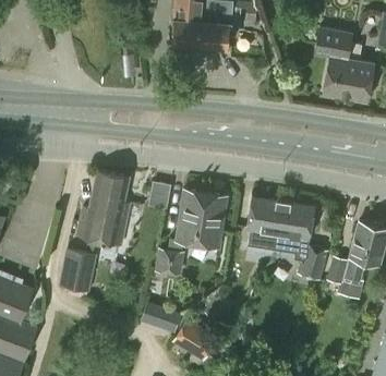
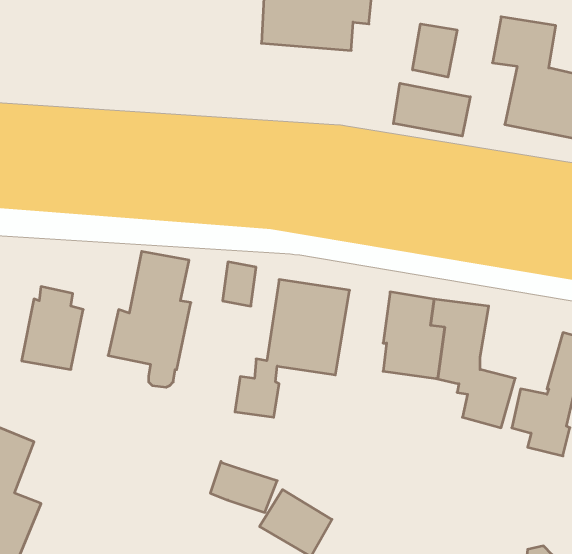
building: none -> [413,24,457,77]
building: none -> [393,83,470,136]
building: [58,241,96,292] -> [22,287,83,369]

